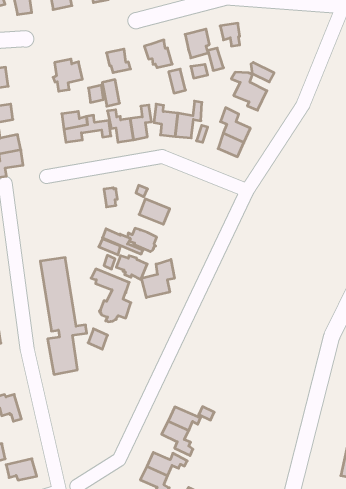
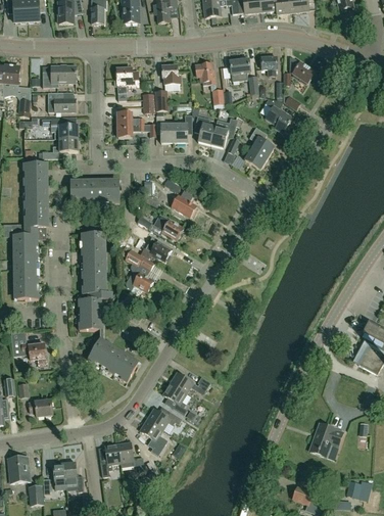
building: none -> [290,56,316,83]
building: none -> [67,180,119,203]
building: [142,259,174,298] -> none
building: none -> [88,340,137,381]

